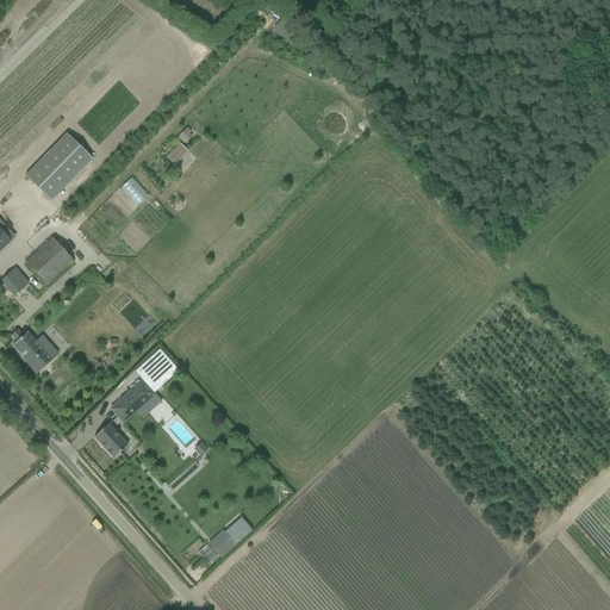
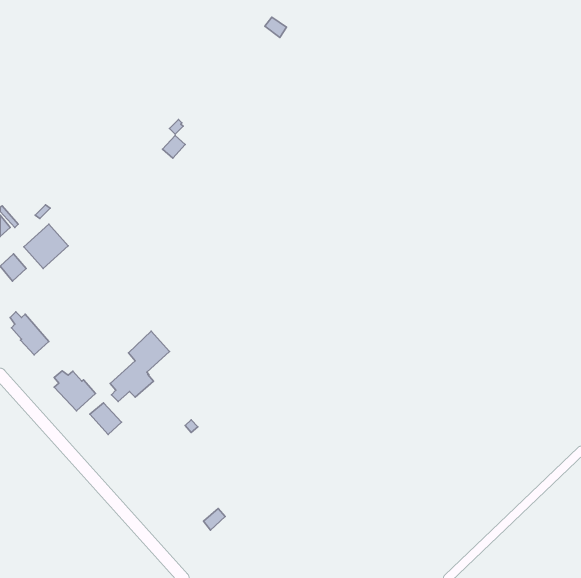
building: [24,131,92,199] -> none
building: none -> [54,371,95,411]

